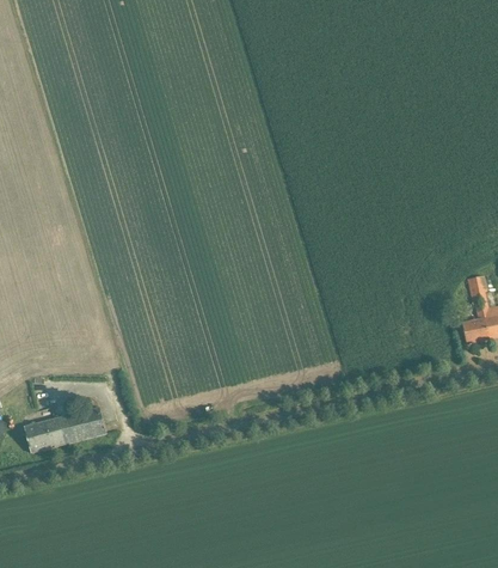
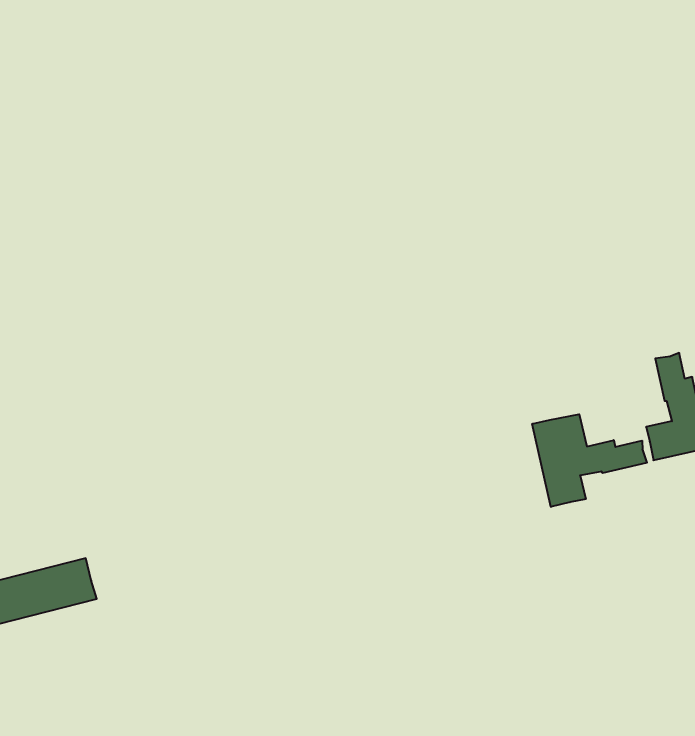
building: none -> [532,414,647,507]

